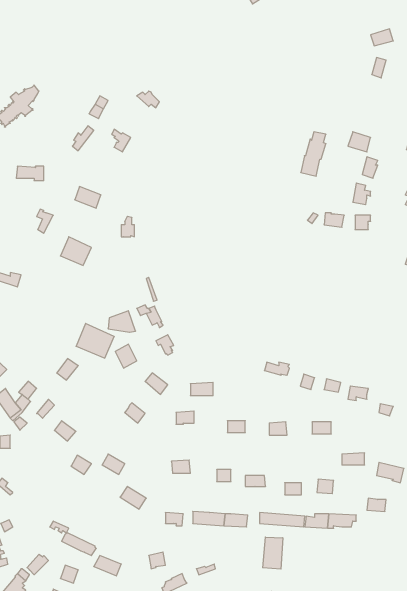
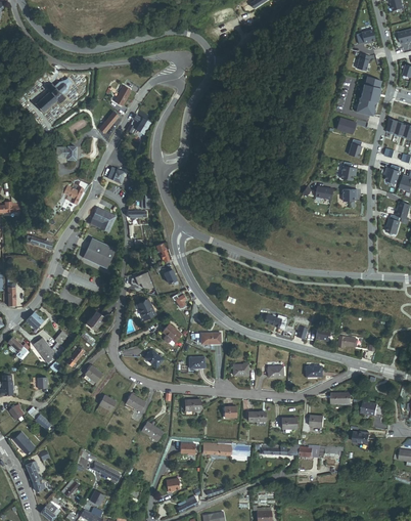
building: [301,132,326,176] -> [359,78,380,116]
building: [76,323,114,358] -> [82,237,115,267]
building: [263,537,283,569] -> none

